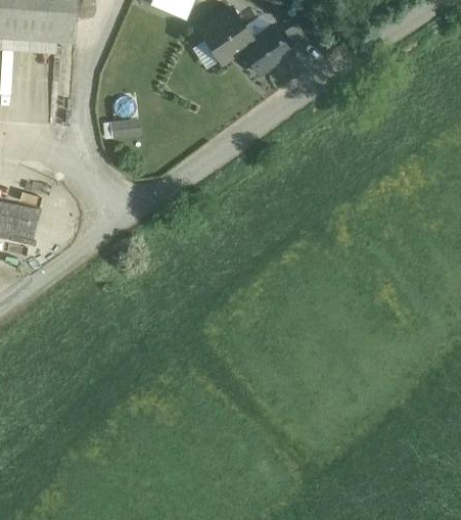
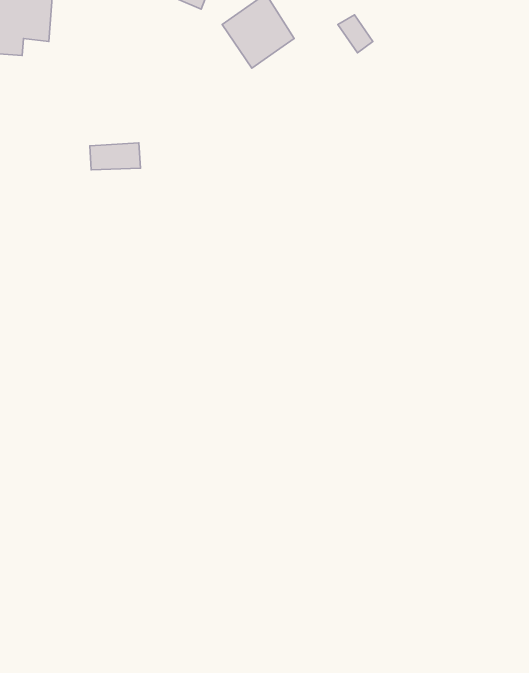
building: [242,26,290,72] -> none

